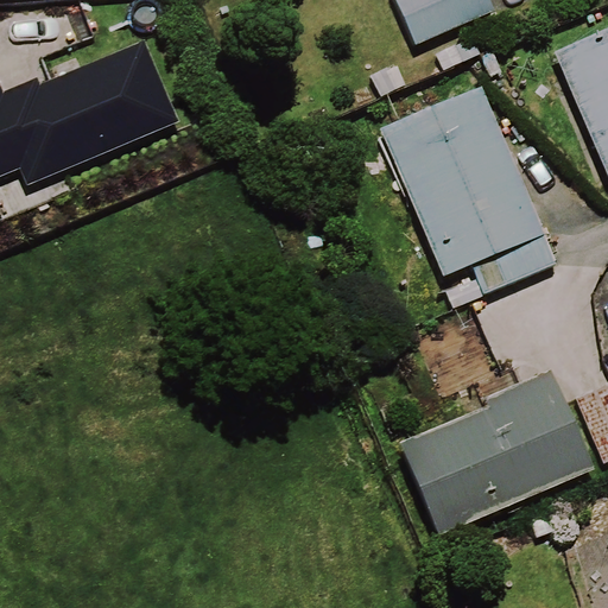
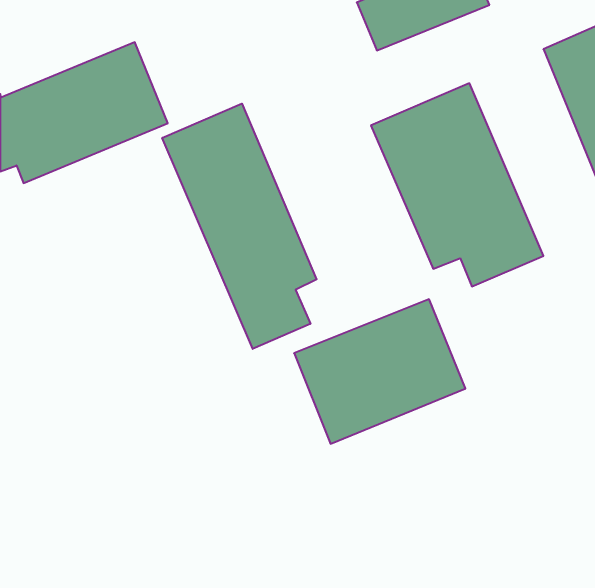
building: none -> [162,104,317,349]
building: [417,378,590,524] -> [294,299,465,444]

